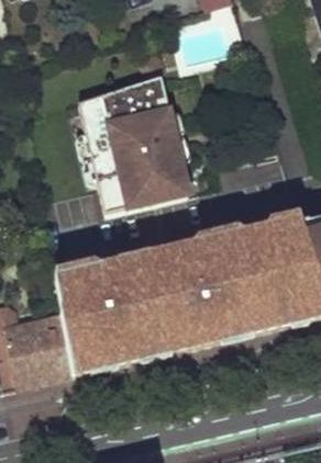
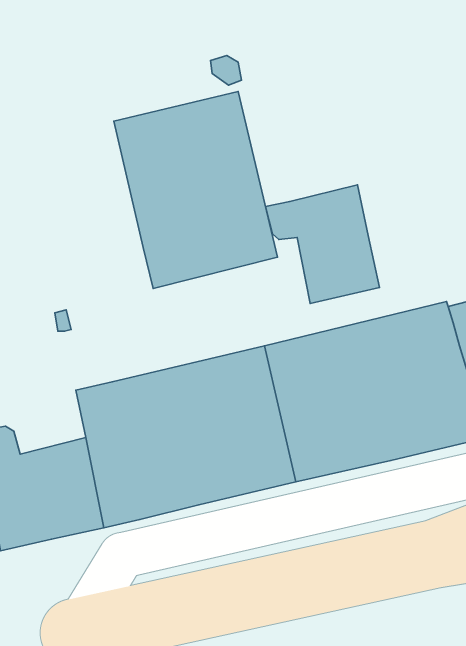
building: none -> [266,185,380,303]

